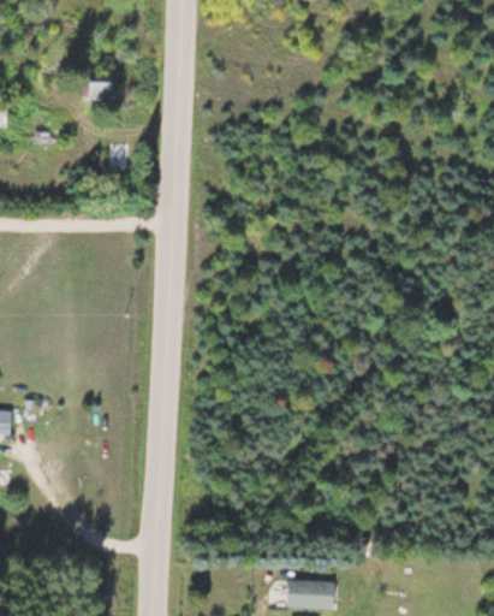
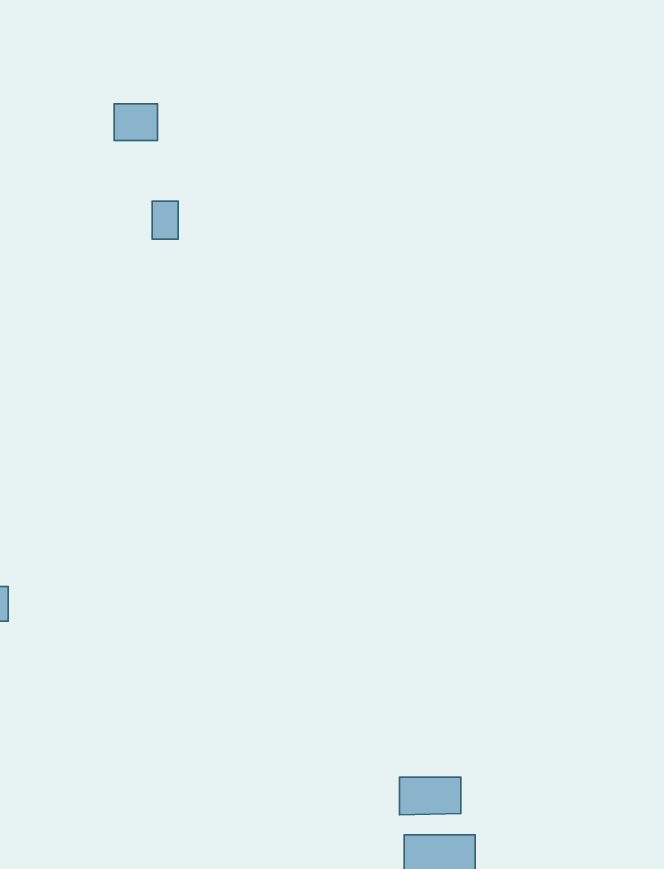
building: none -> [399,777,461,815]

